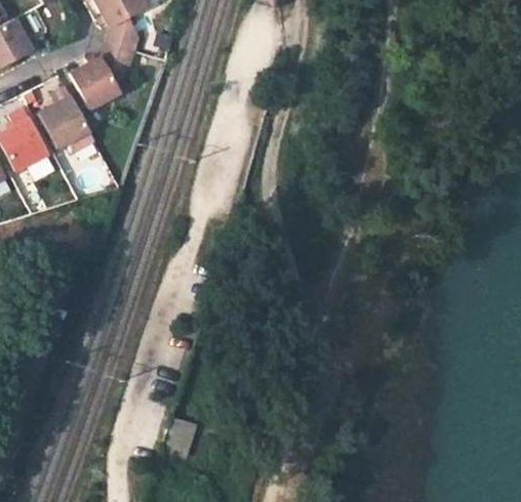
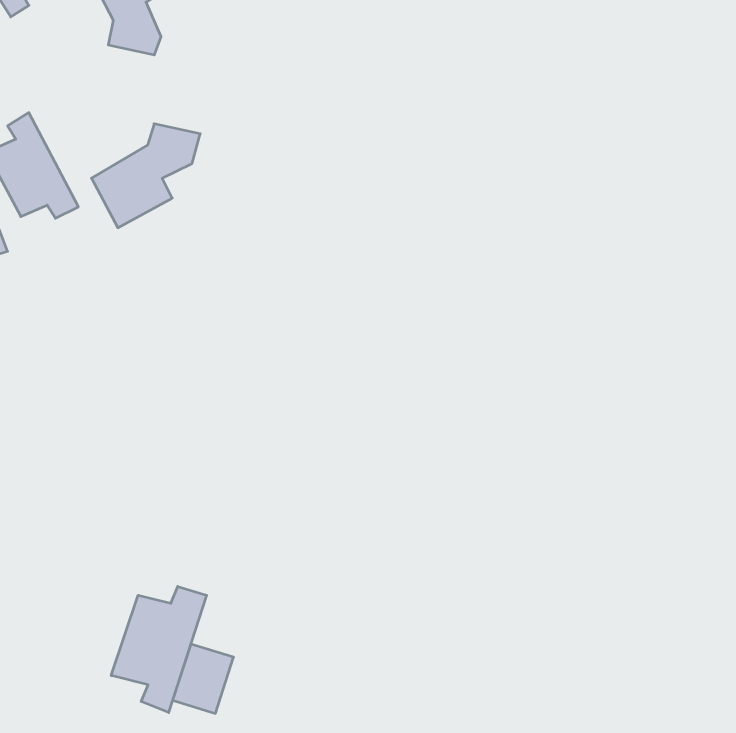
building: [74,42,142,107] -> [91,124,200,228]
building: none -> [111,586,207,713]

